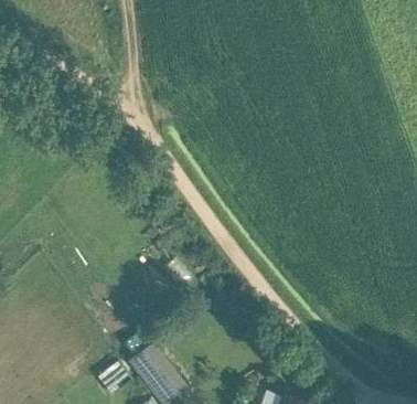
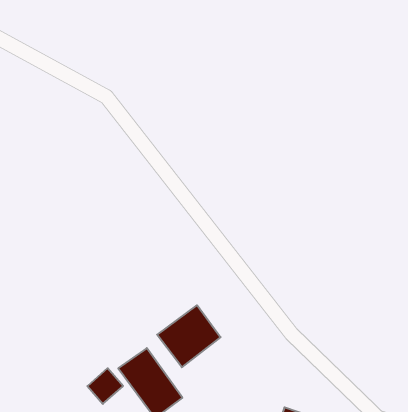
building: none -> [157,305,221,367]

